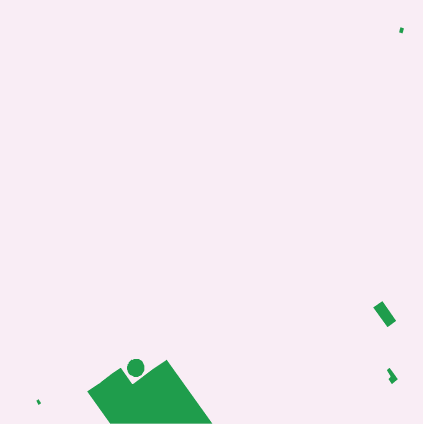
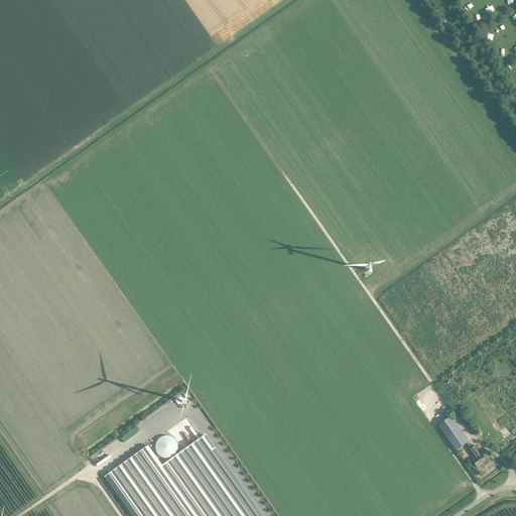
building: [372,300,397,328] -> [436,416,467,450]

